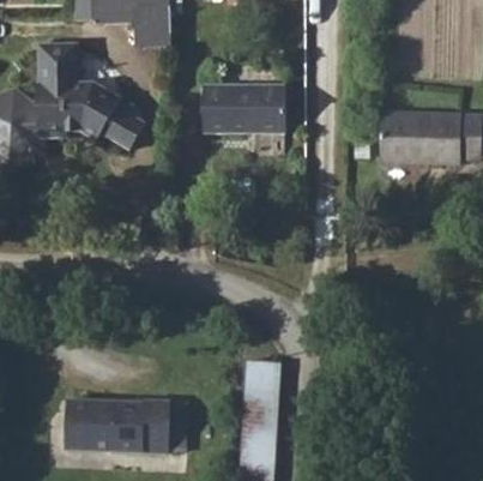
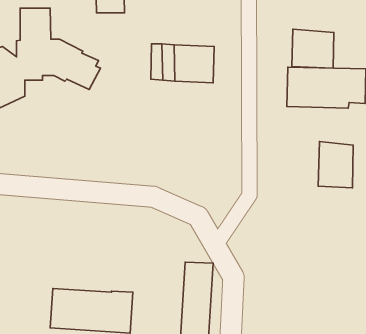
building: none -> [292,29,334,68]
building: none -> [318,142,353,188]

